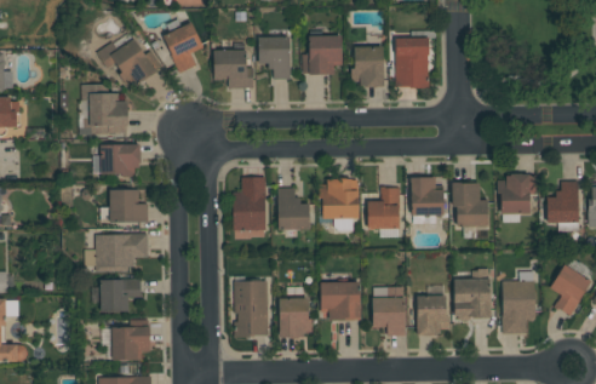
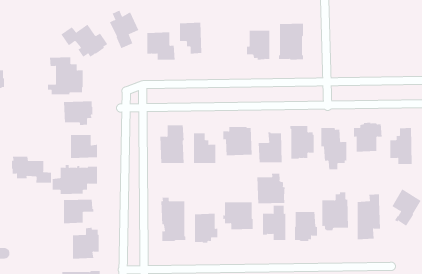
building: [302,35,342,75] -> none
building: none -> [11,156,51,183]
building: none -> [257,173,285,204]

